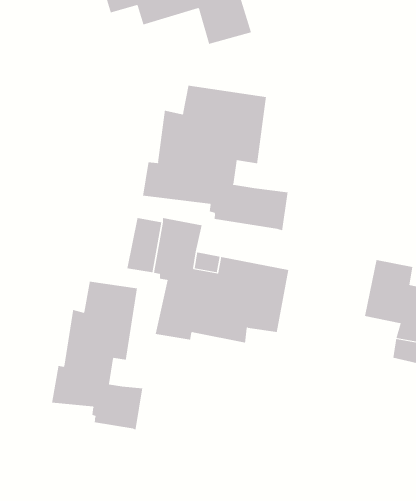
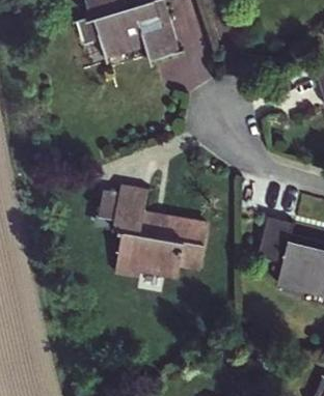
building: [142,85,288,231] -> none
building: [51,281,143,431] -> none

